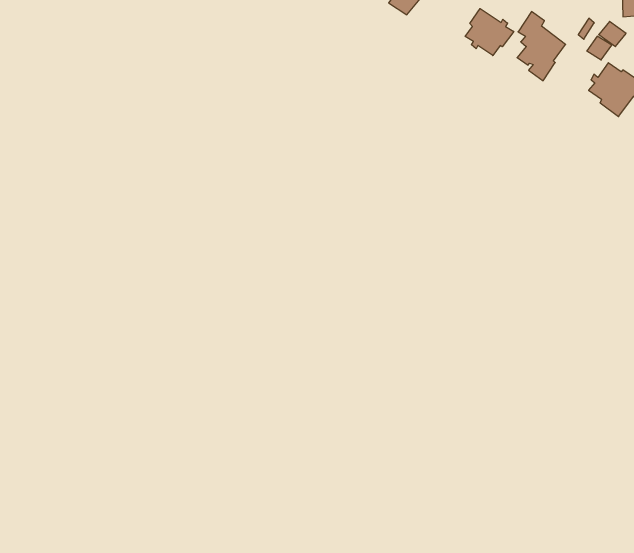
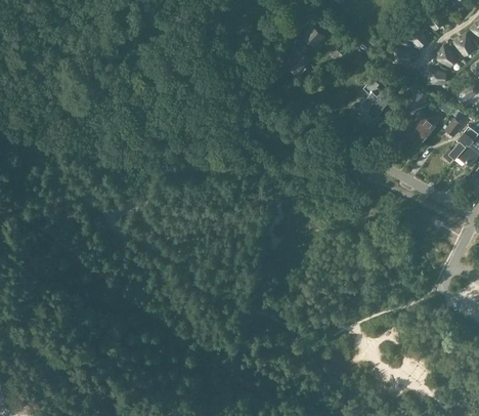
building: [465,9,514,56] -> none

